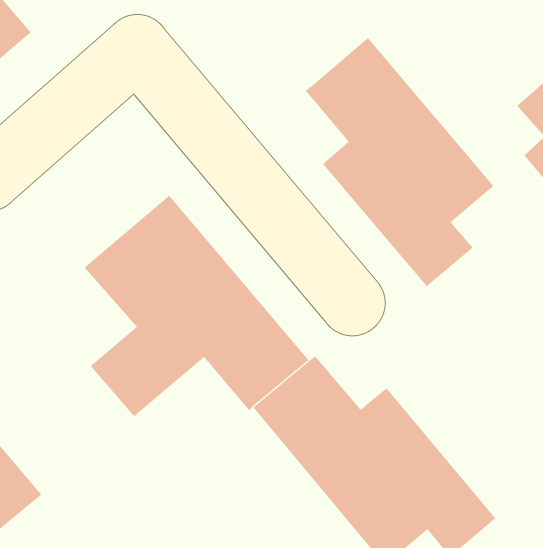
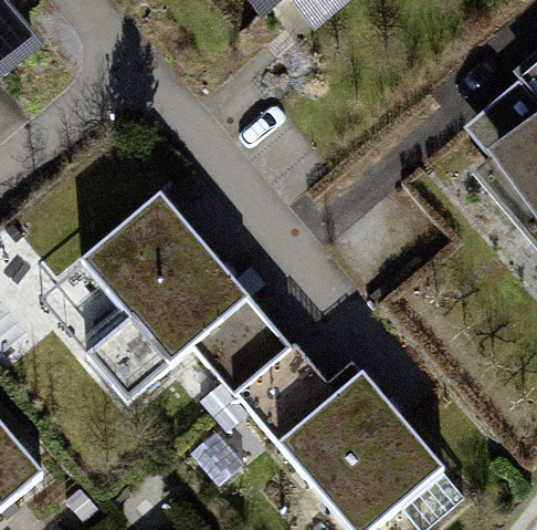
building: [305,37,494,287] -> none

